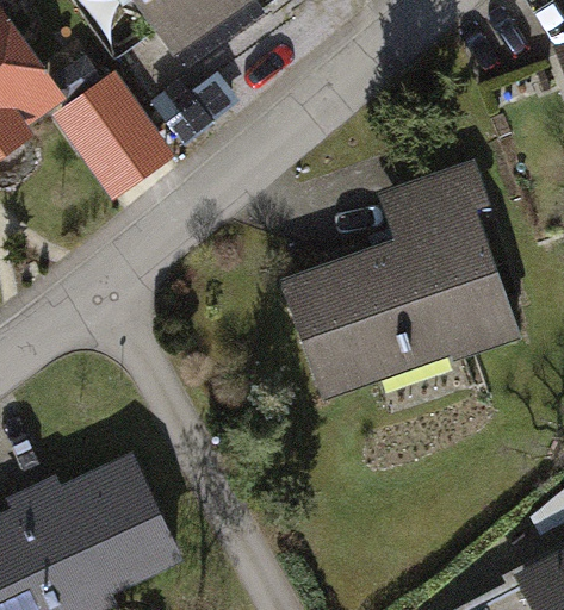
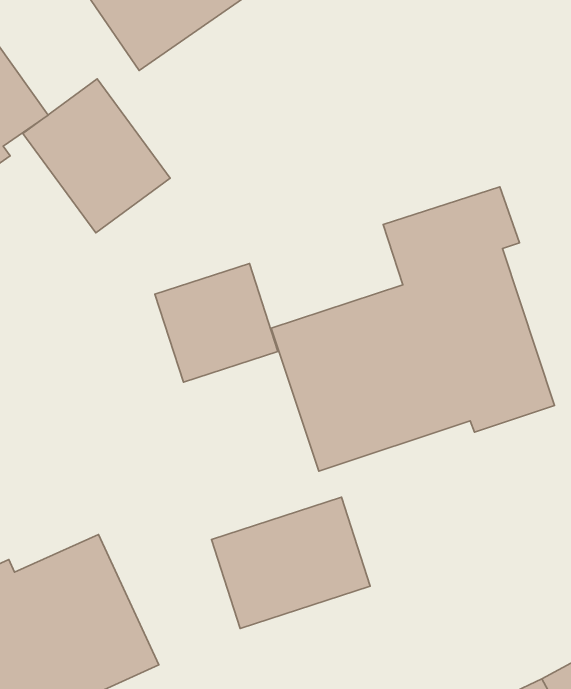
building: none -> [155,263,278,382]
building: none -> [212,497,370,628]

